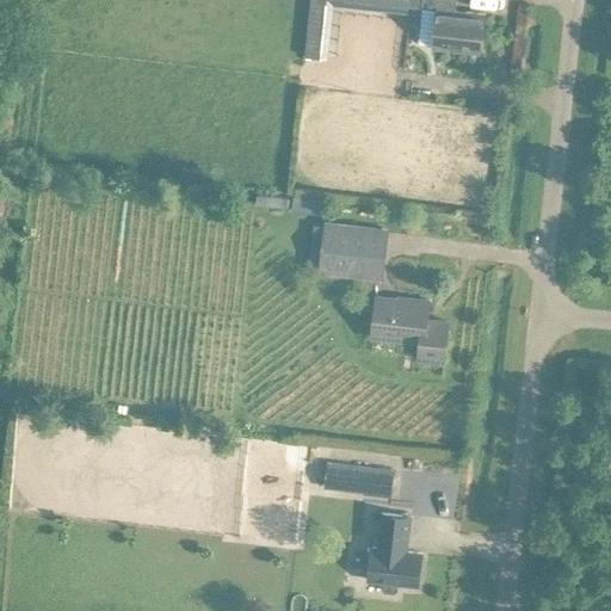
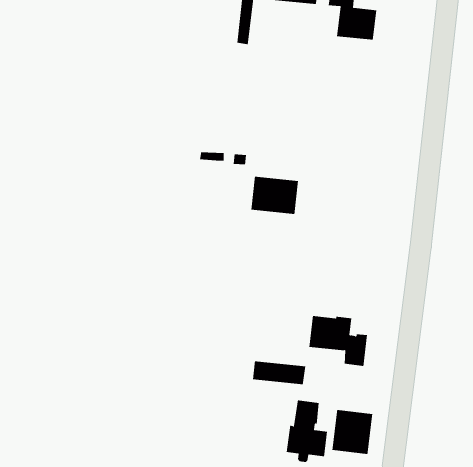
building: [371,296,448,362] -> [308,315,368,367]
building: none -> [332,409,373,455]

